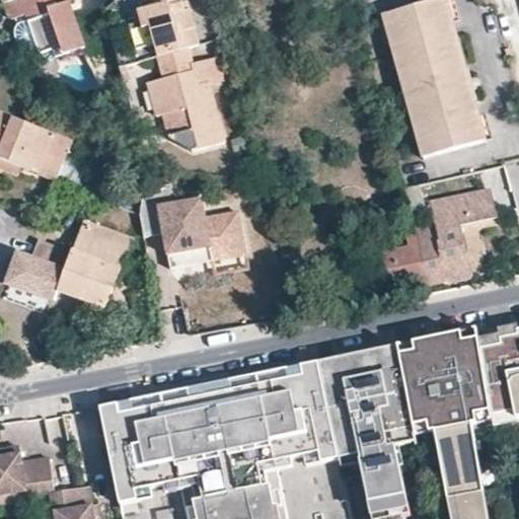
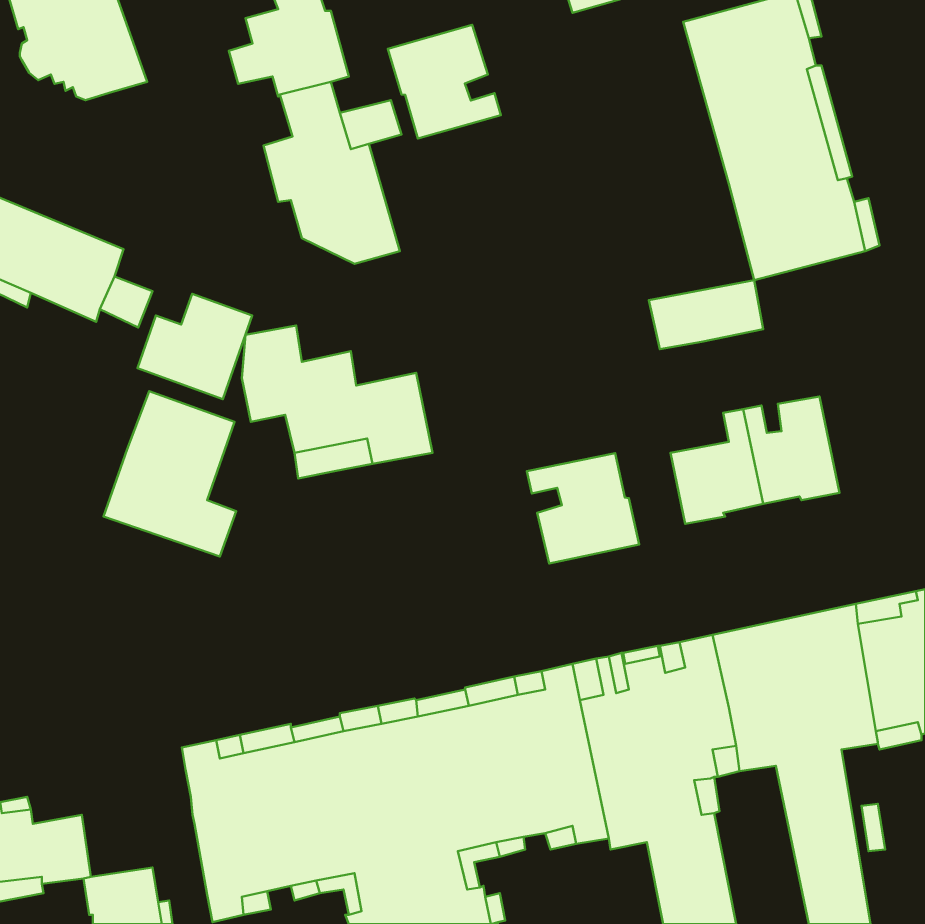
building: none -> [388,25,501,138]
building: [428,187,492,225] -> [649,280,763,349]
building: [7,238,71,297] -> [138,294,252,399]
building: none -> [527,453,639,564]

